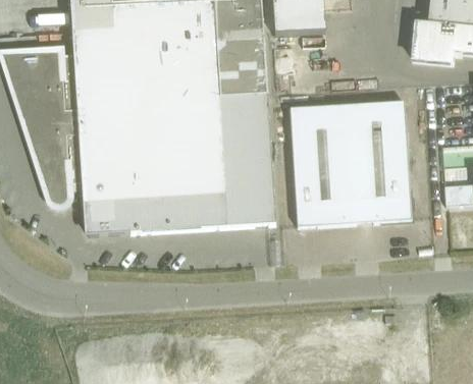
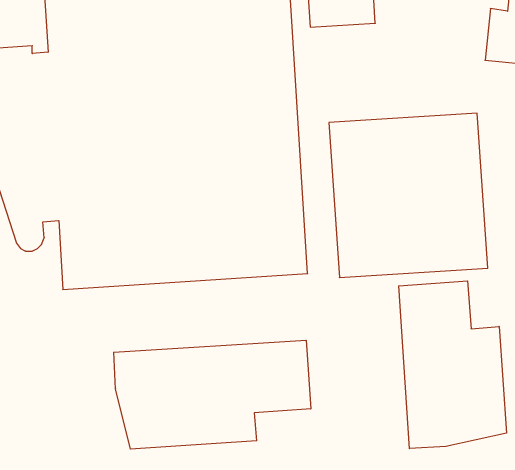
building: none -> [399,281,506,449]
building: none -> [114,340,311,449]

